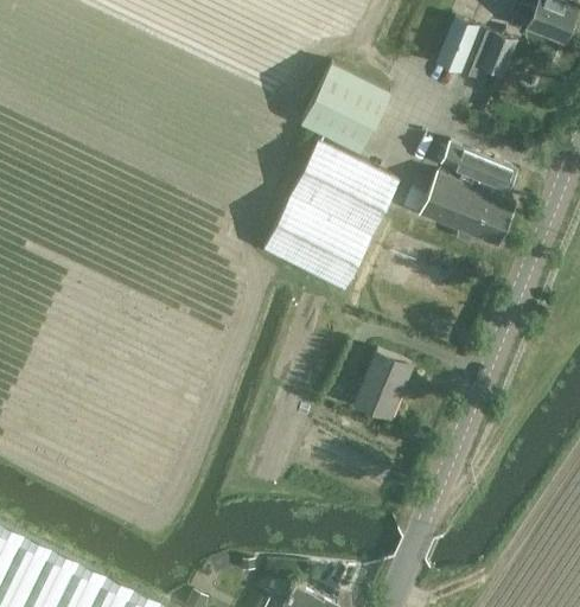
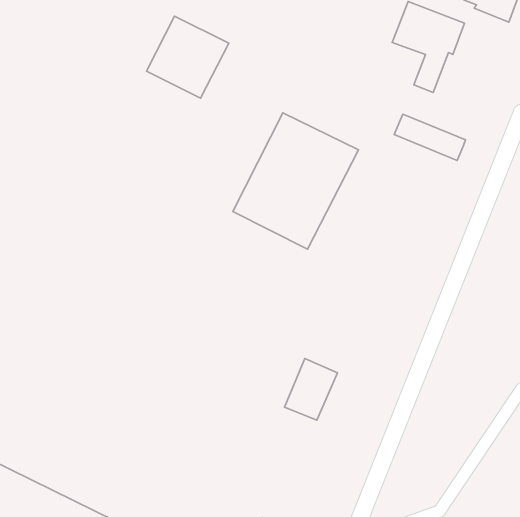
building: [300,64,390,154] -> [146,16,229,98]
building: [419,173,515,248] -> none
building: [353,351,412,418] -> [284,359,337,420]

